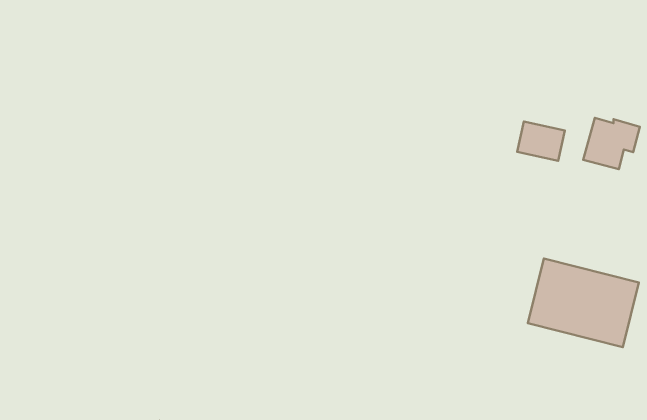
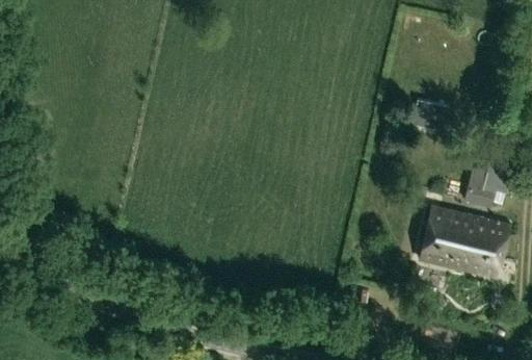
building: [583,118,640,169] -> [464,165,509,206]

